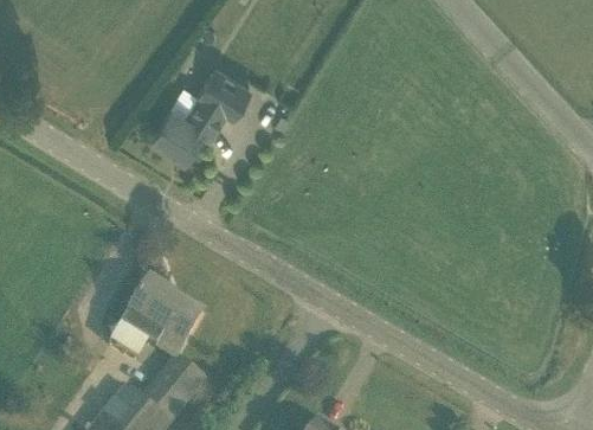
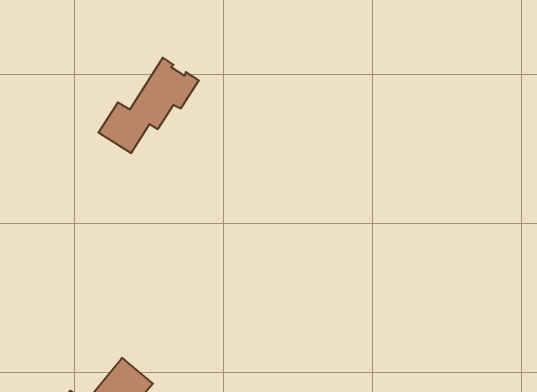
building: [121,276,204,345] -> none

